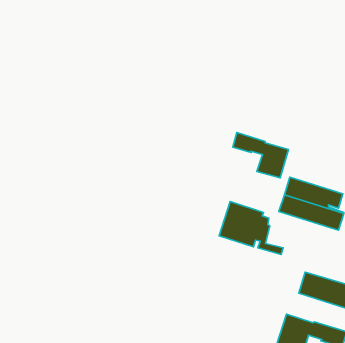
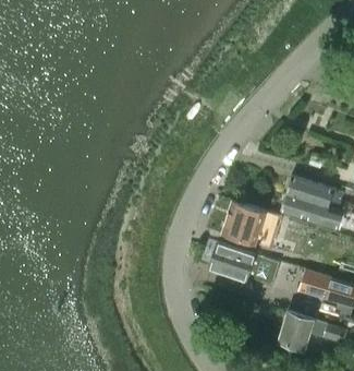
building: [233,133,288,178] -> none
building: none -> [209,243,268,284]

